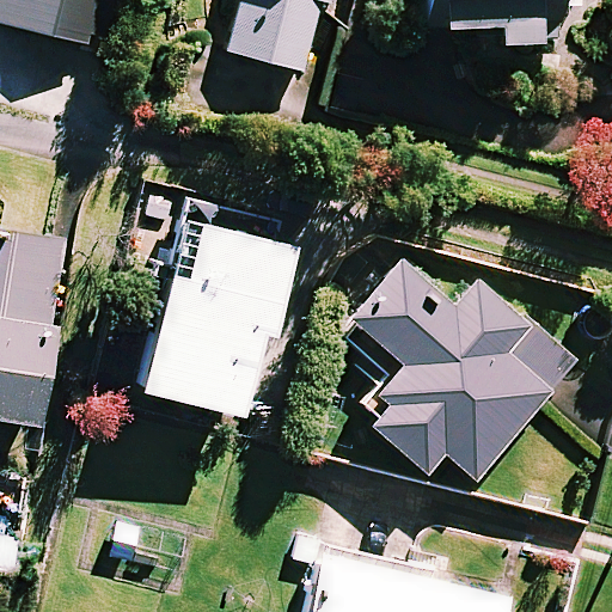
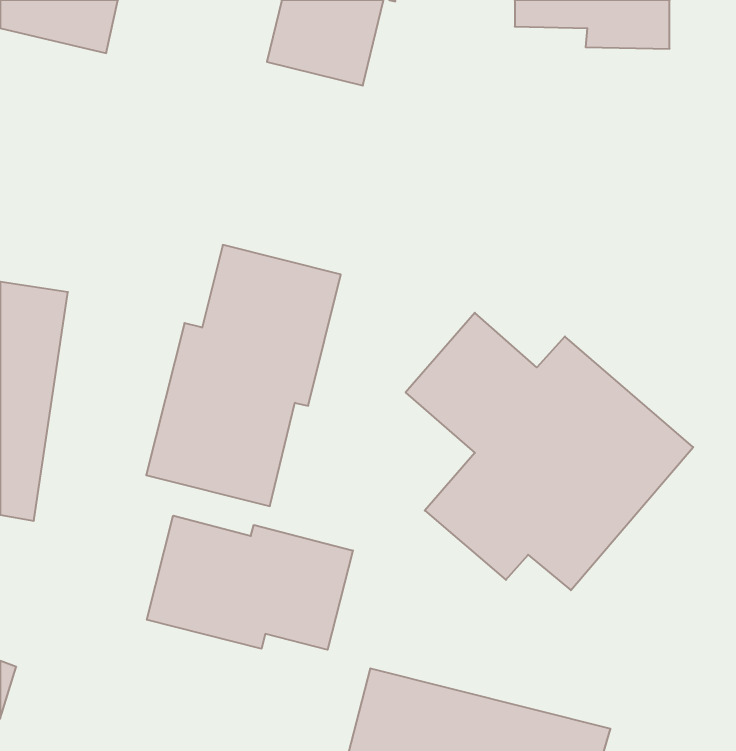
building: none -> [147,516,353,650]

